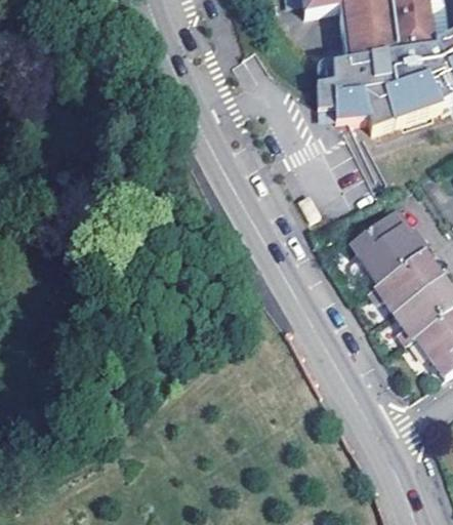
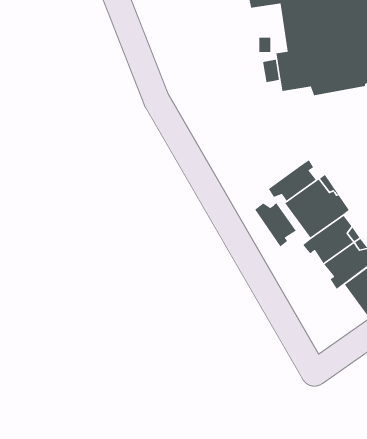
building: none -> [268,159,317,202]
building: none -> [254,202,297,247]

